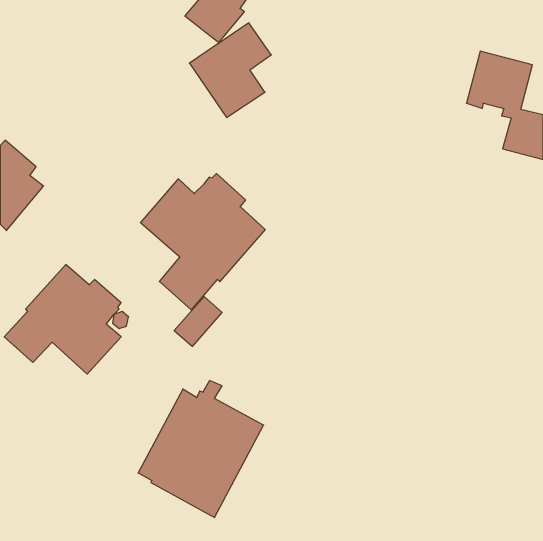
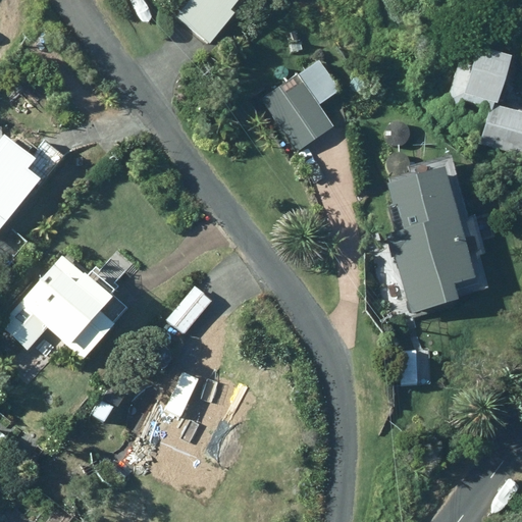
building: [189,23,271,118] -> [262,59,341,150]
building: none -> [380,166,484,310]
building: [140,174,265,310] -> none

